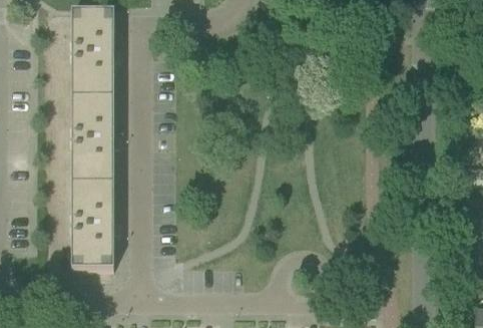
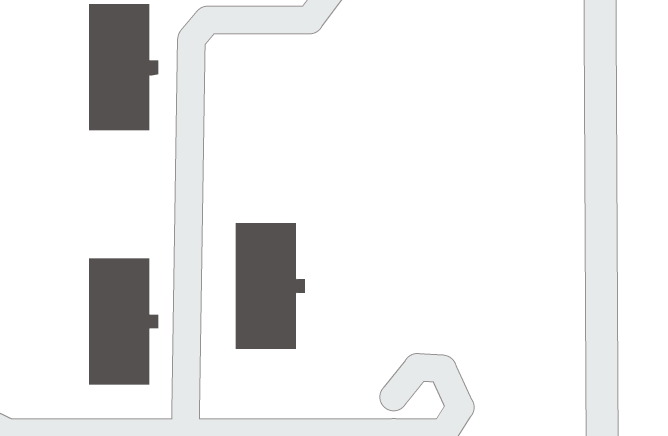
building: [71,98,119,185] -> [235,222,306,350]

